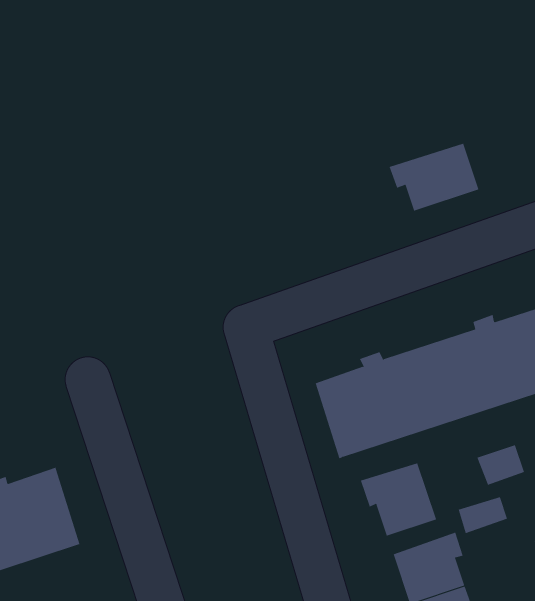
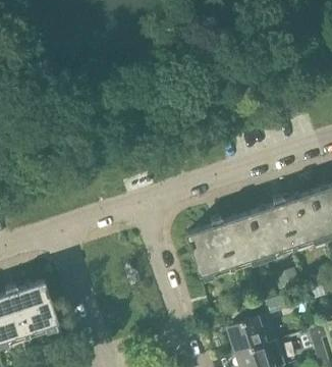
building: [389,143,479,211] -> none
building: [360,462,437,536] -> none

